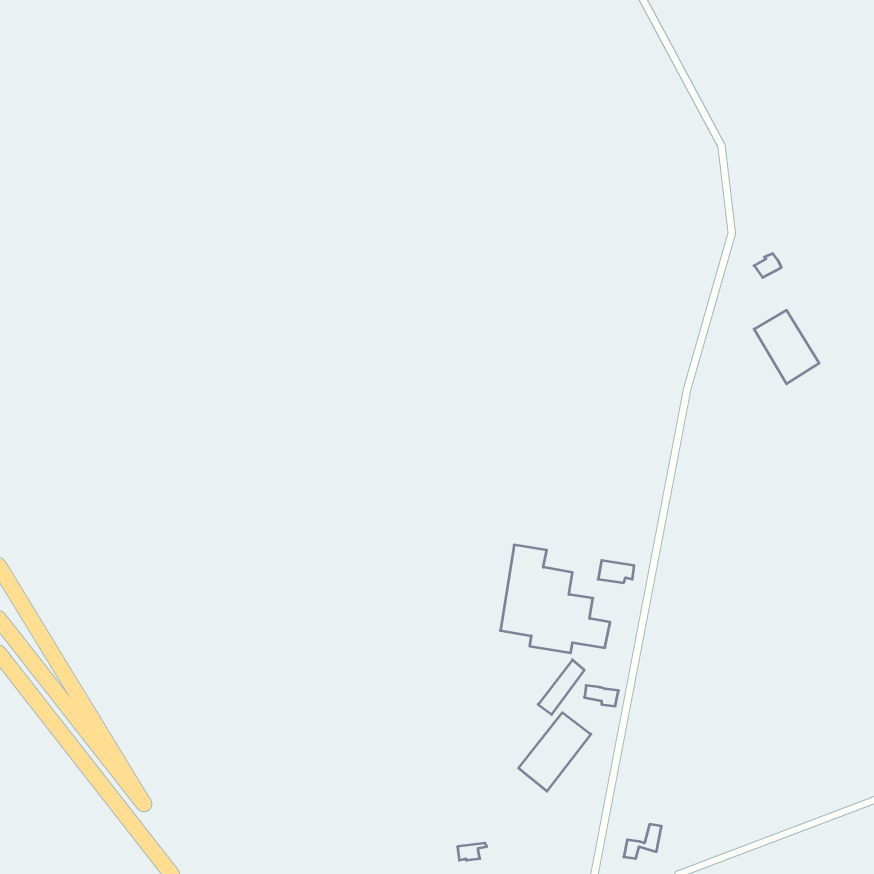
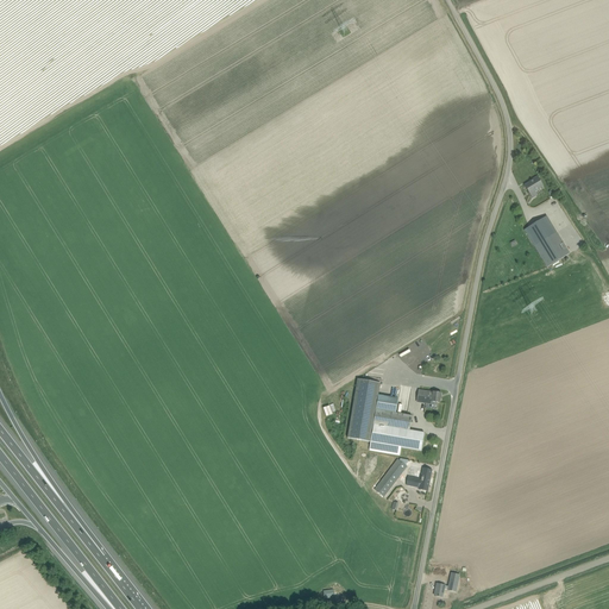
building: [519,713,591,791] -> none

